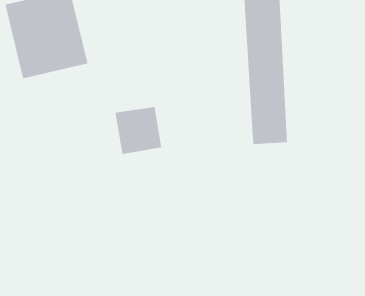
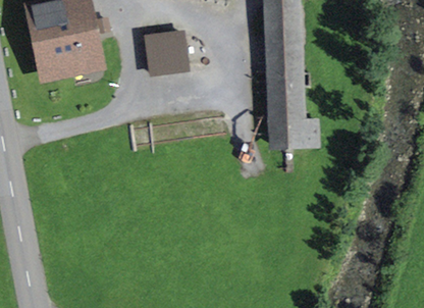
building: [115,106,162,155] -> [146,27,194,75]

